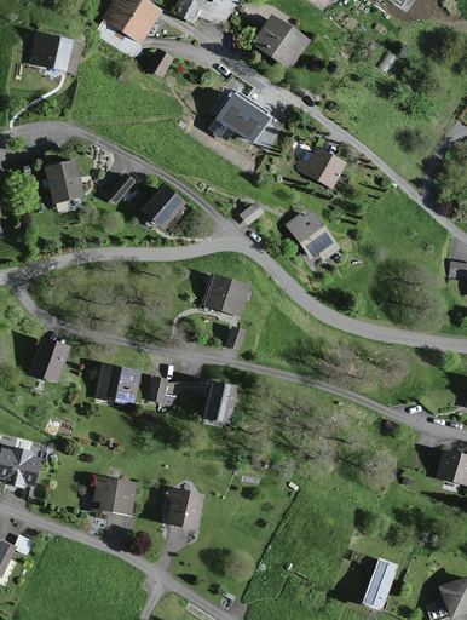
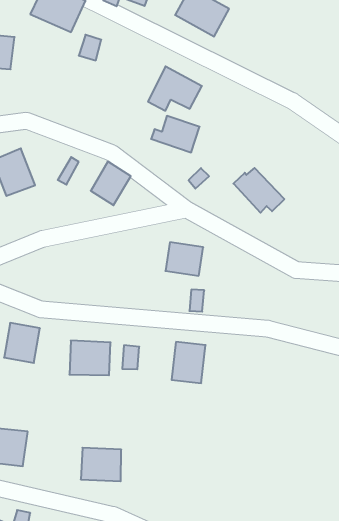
building: [294,147,346,188] -> [151,116,200,152]
building: [166,487,202,529] -> none

